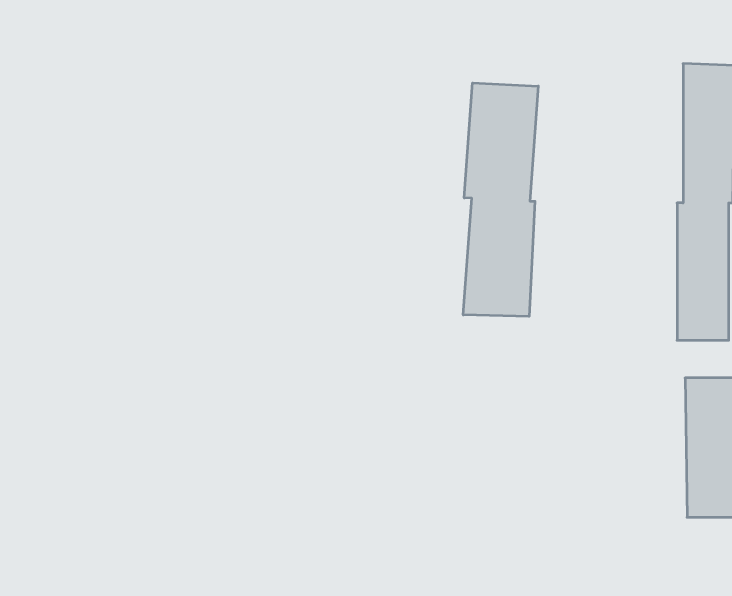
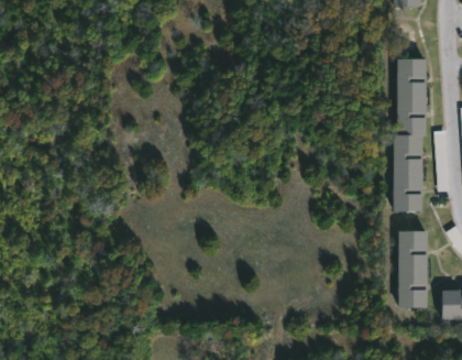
building: [463,83,538,316] -> none

